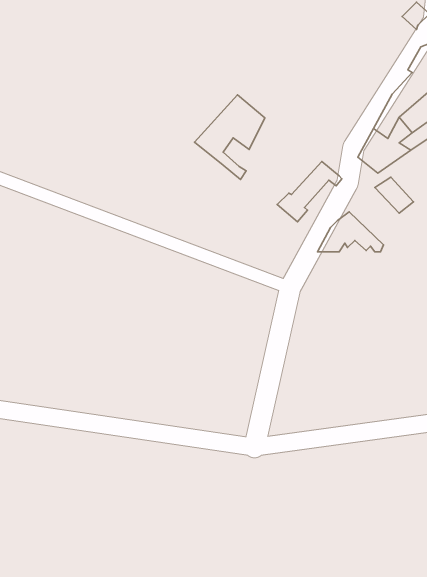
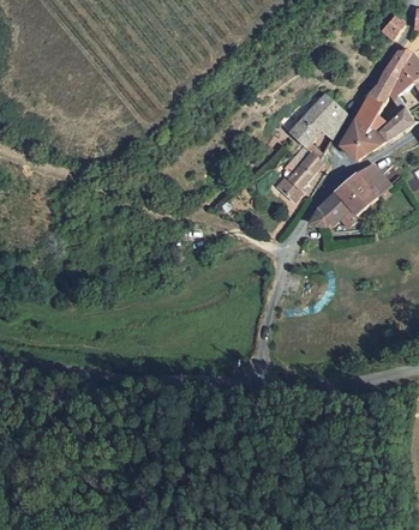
building: [195,95,265,179] -> [287,92,346,163]
building: none -> [335,171,376,212]

